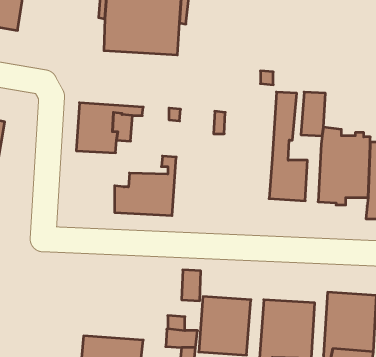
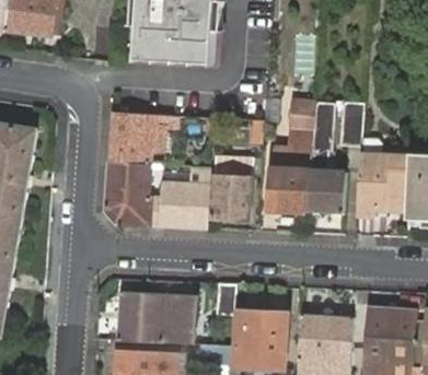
building: none -> [267,99,313,210]
building: none -> [210,155,253,219]
building: none -> [103,161,148,224]
building: none -> [116,291,194,343]

